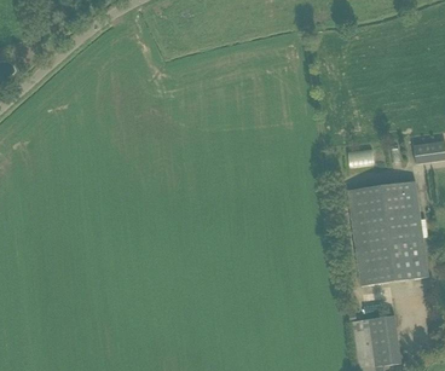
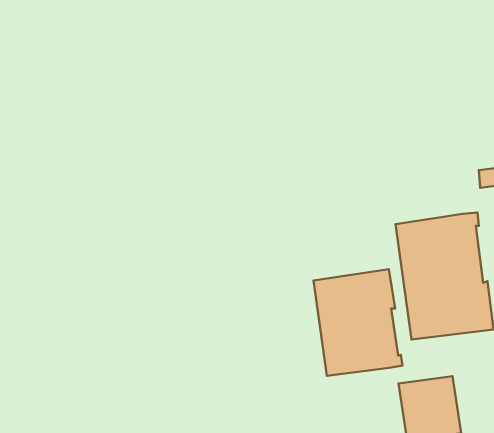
building: none -> [313,269,403,376]

